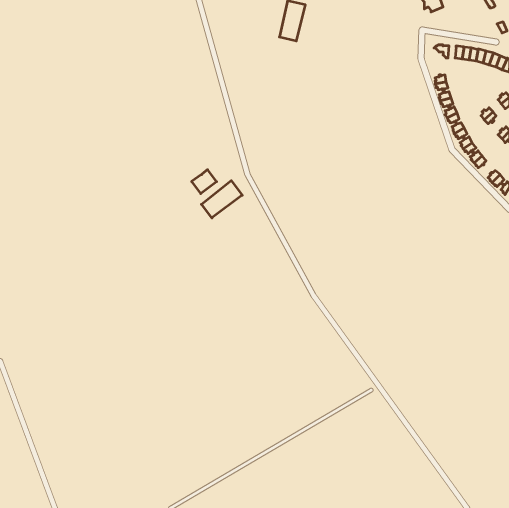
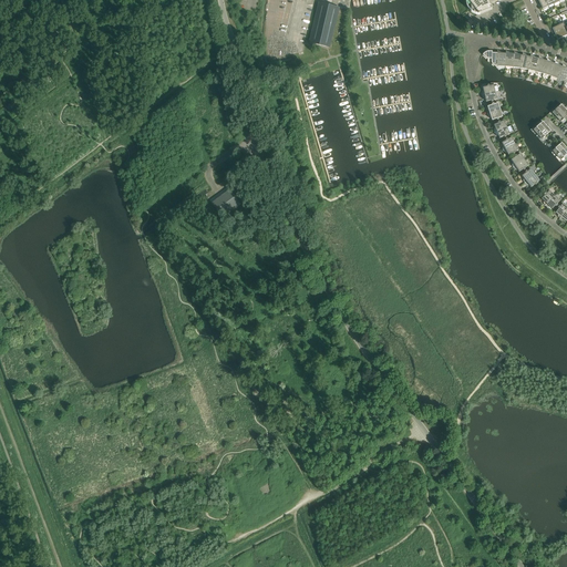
building: [201,181,242,218] -> none

